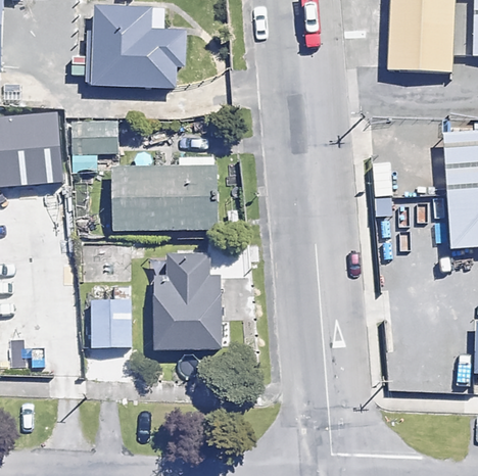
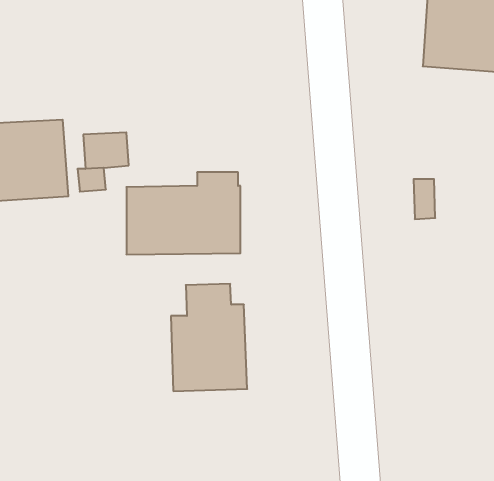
building: [91,6,187,89] -> none
building: [91,300,131,347] -> none

